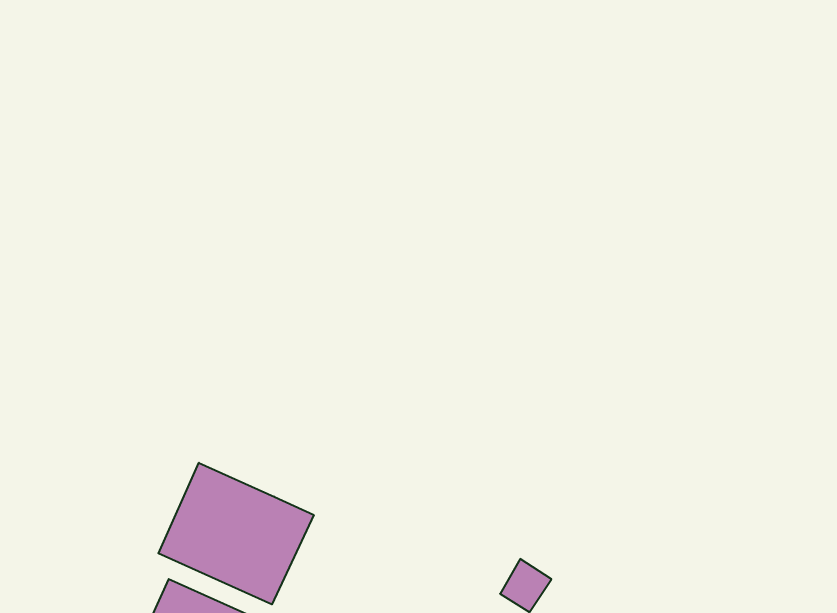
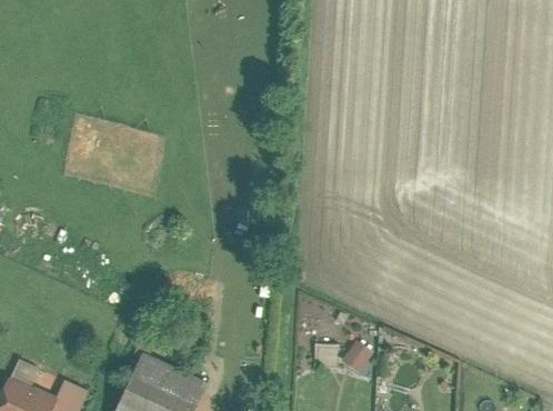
building: [158,463,314,604] -> none

